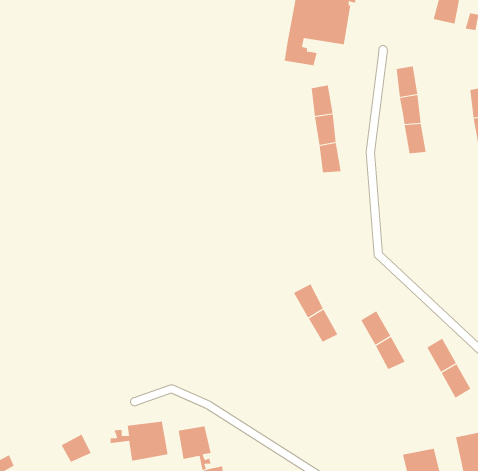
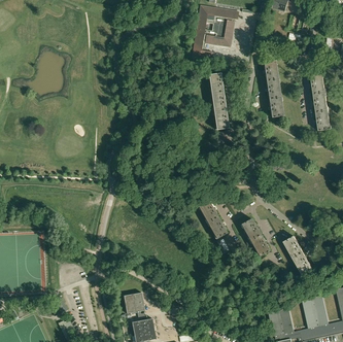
building: [110,421,168,461] -> none

